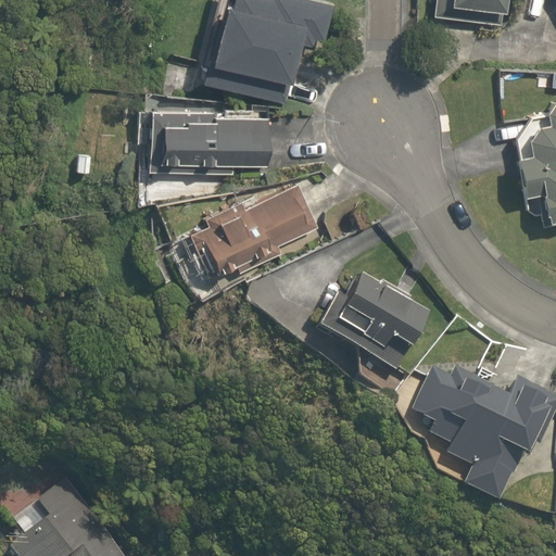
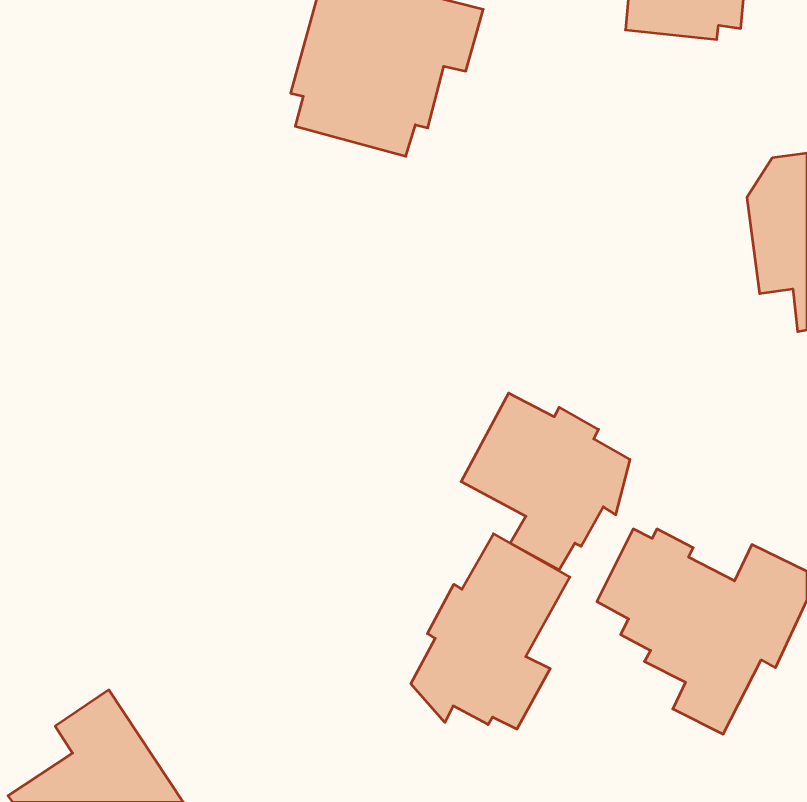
building: [135,106,273,178] -> none
building: [191,180,315,274] -> none
building: none -> [411,534,570,729]

